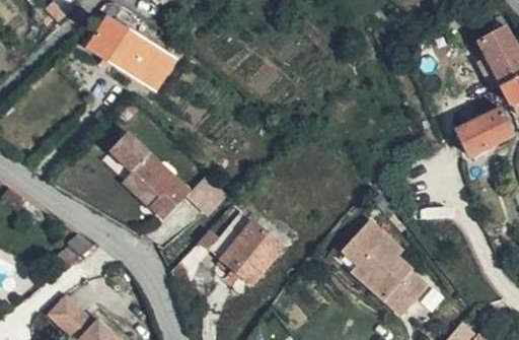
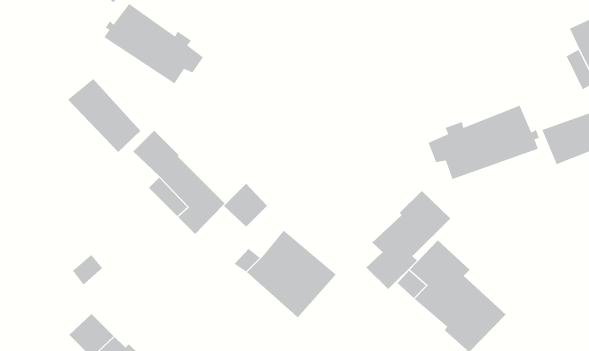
building: none -> [67,78,141,153]
building: none -> [428,105,539,180]
building: none -> [366,190,451,290]

